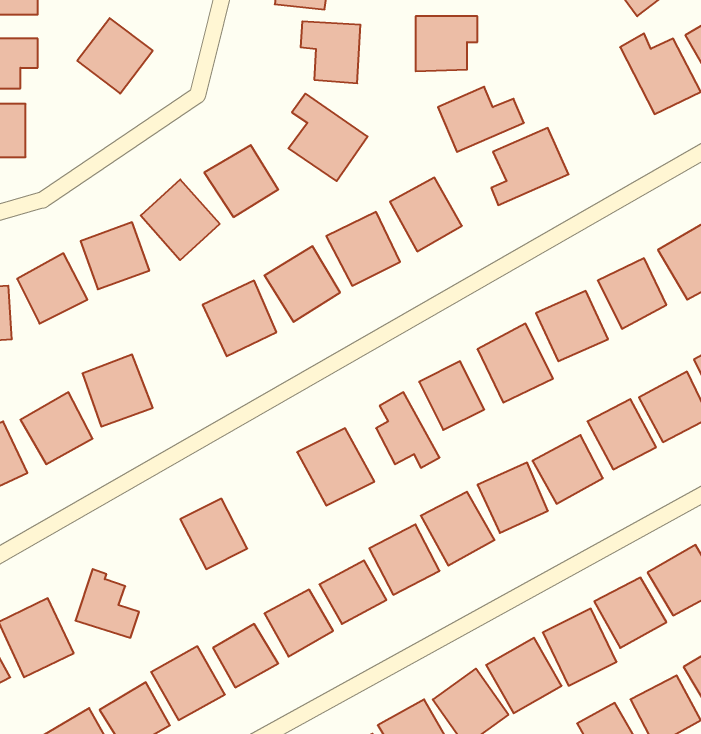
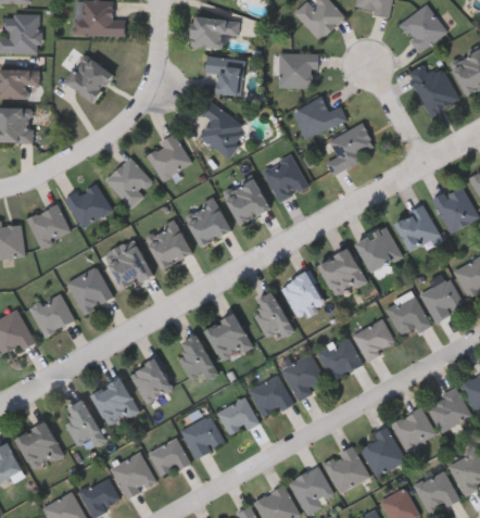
building: none -> [105,244,152,291]
building: none -> [177,334,217,381]
building: none -> [90,378,138,427]

